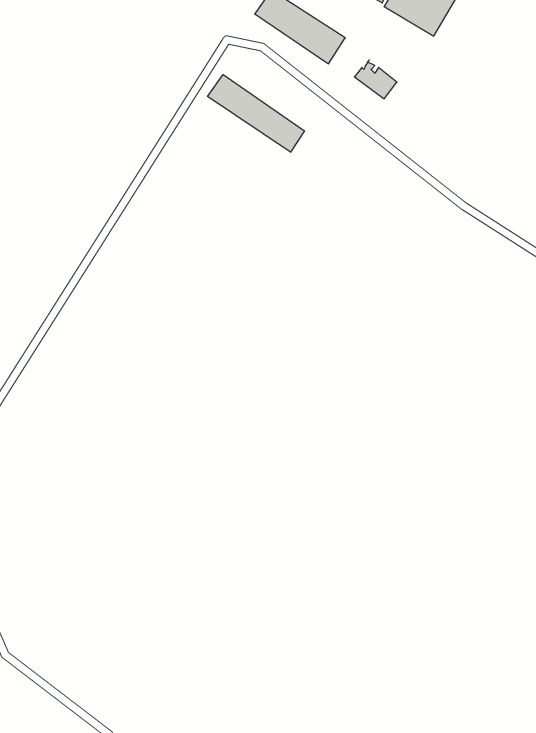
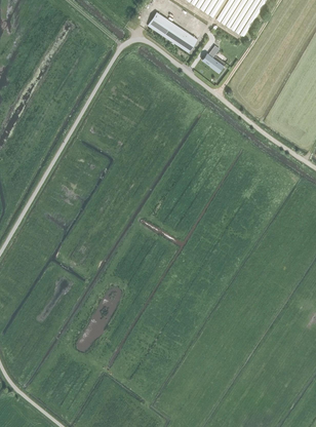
building: [208,75,304,152] -> none

